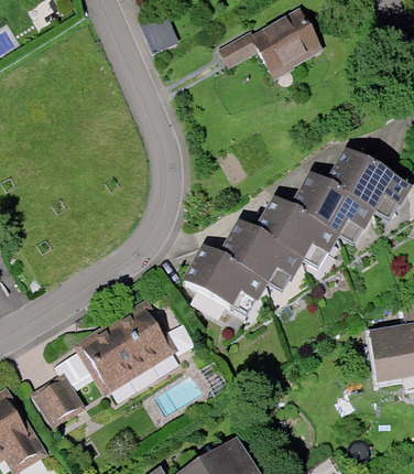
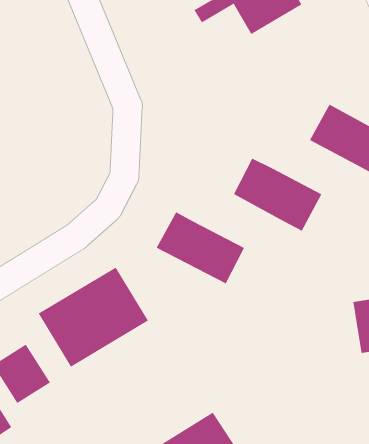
building: [295,172,379,241] -> none
building: [220,220,304,290] -> none

